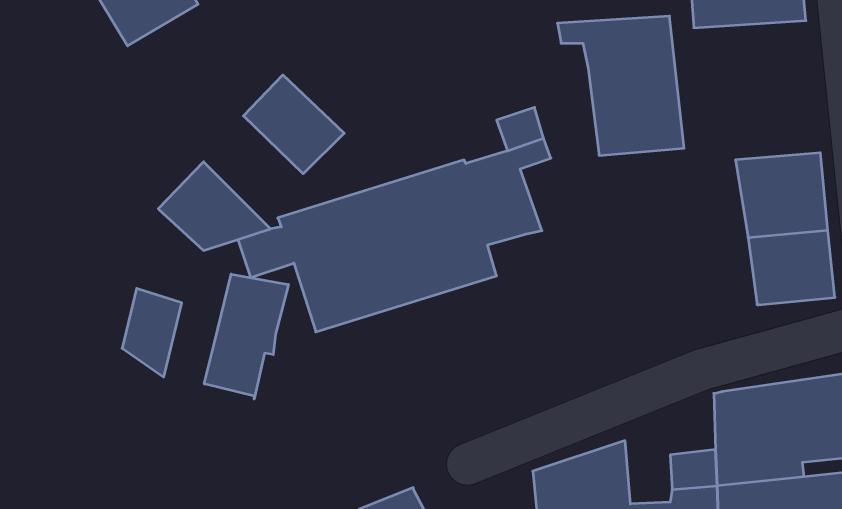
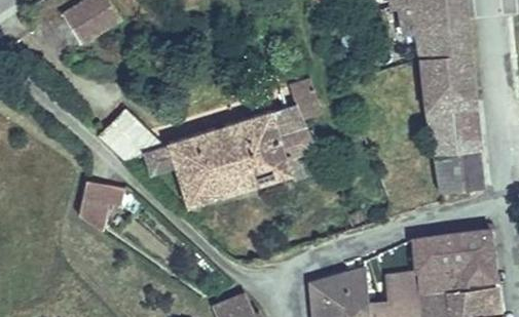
building: [557,16,684,155] -> [403,29,475,108]
building: [243,75,344,174] -> none
building: [204,274,288,399] -> none

